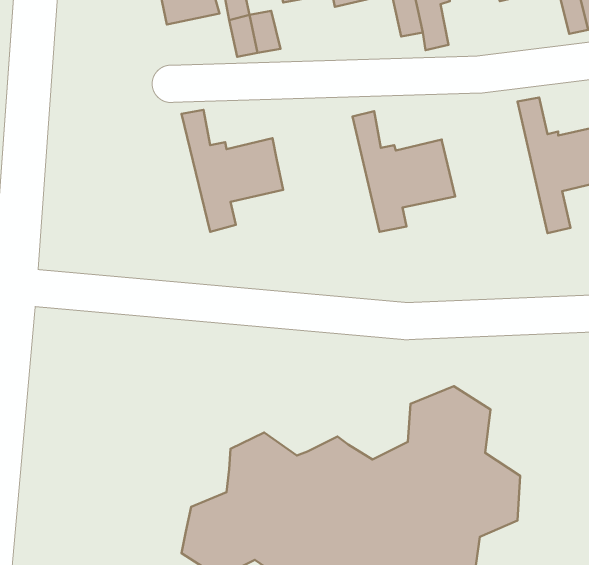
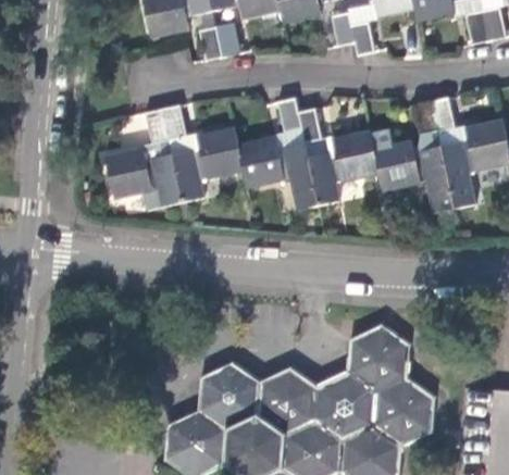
building: none -> [237,96,320,207]
building: none -> [370,98,455,208]
building: none -> [107,108,184,210]

